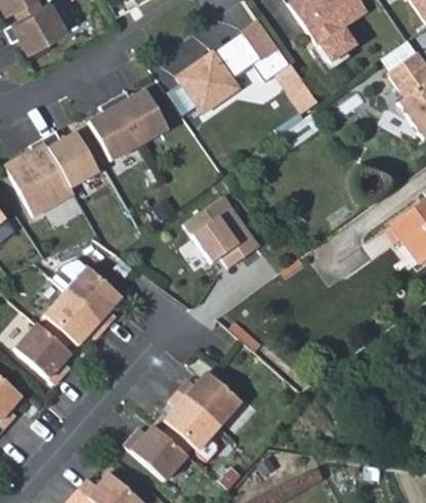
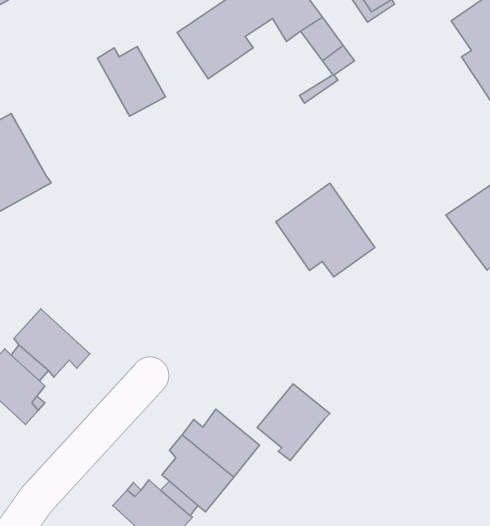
building: [86,93,137,156] -> none
building: [43,130,99,186] -> none
building: [181,196,260,270] -> [276,183,375,277]
building: [50,260,122,329] -> none
building: none -> [257,384,330,461]

